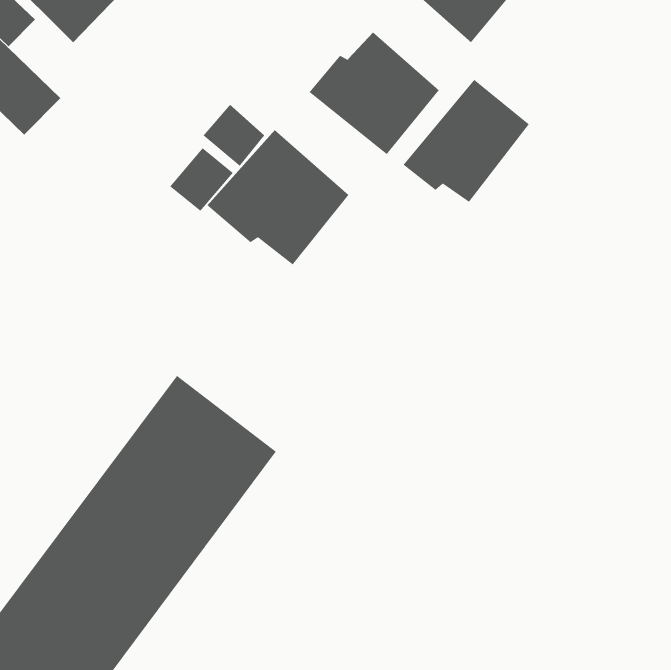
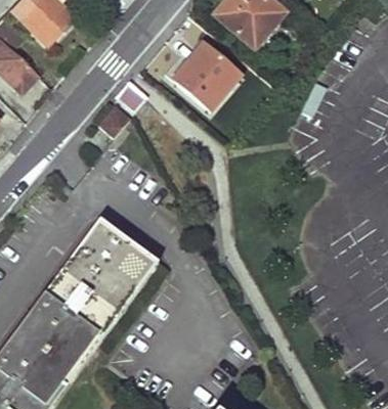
building: [402,79,530,203] -> none
building: [206,129,350,266] -> none

